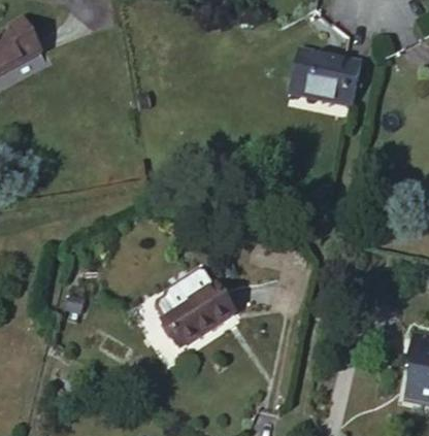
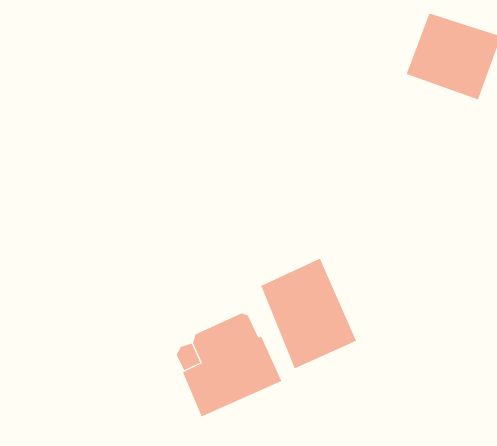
building: none -> [261,258,357,369]

